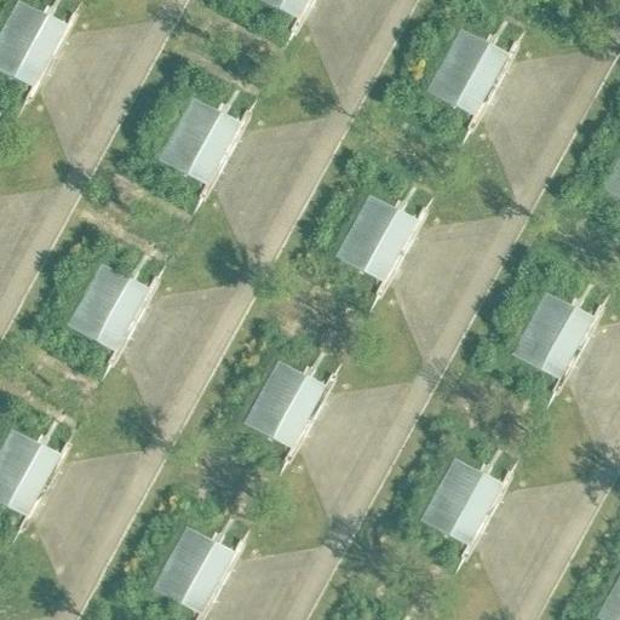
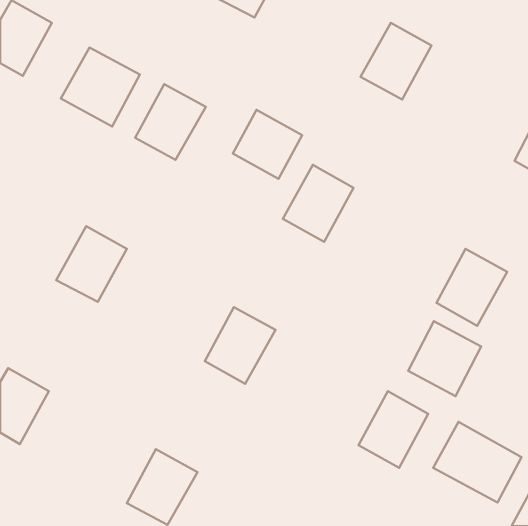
building: none -> [61,48,140,126]
building: none -> [233,110,302,179]
building: none -> [408,321,481,396]
building: none -> [433,422,522,502]

